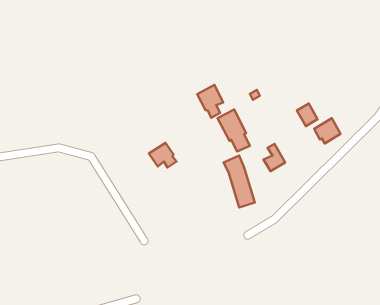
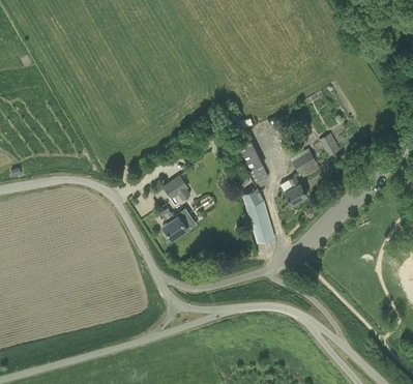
building: [197,85,223,118] -> none
building: [314,118,341,144] -> [292,151,320,178]
building: none -> [161,209,187,239]

